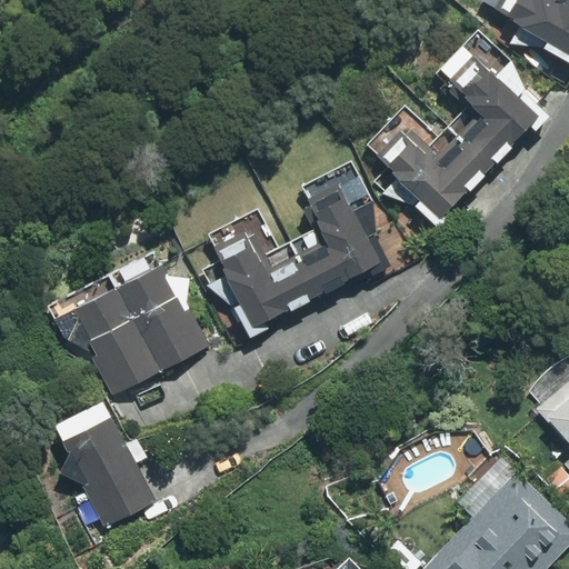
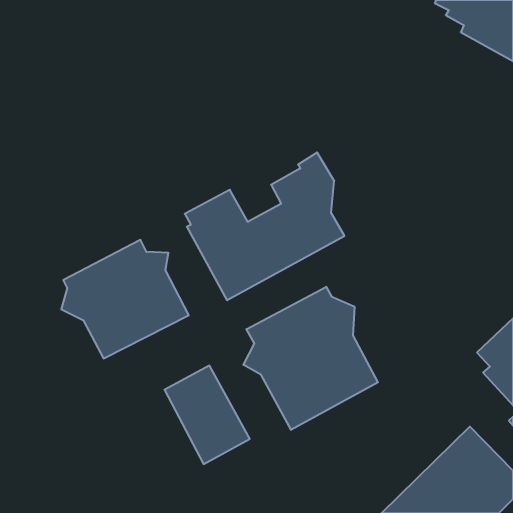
building: [369,49,541,221] -> none
building: none -> [243,287,378,430]
building: [58,410,152,519] -> [164,366,250,464]

